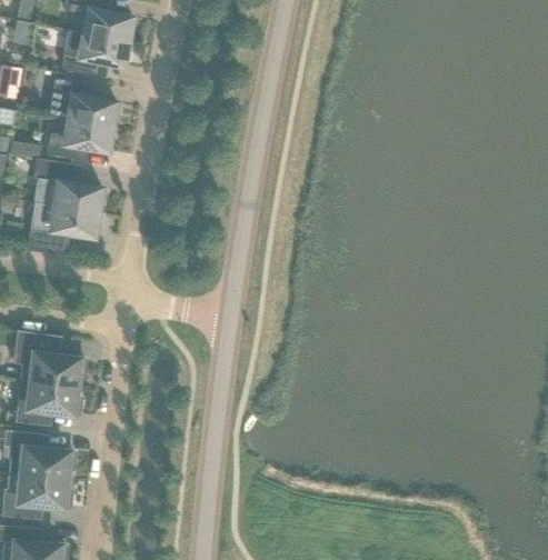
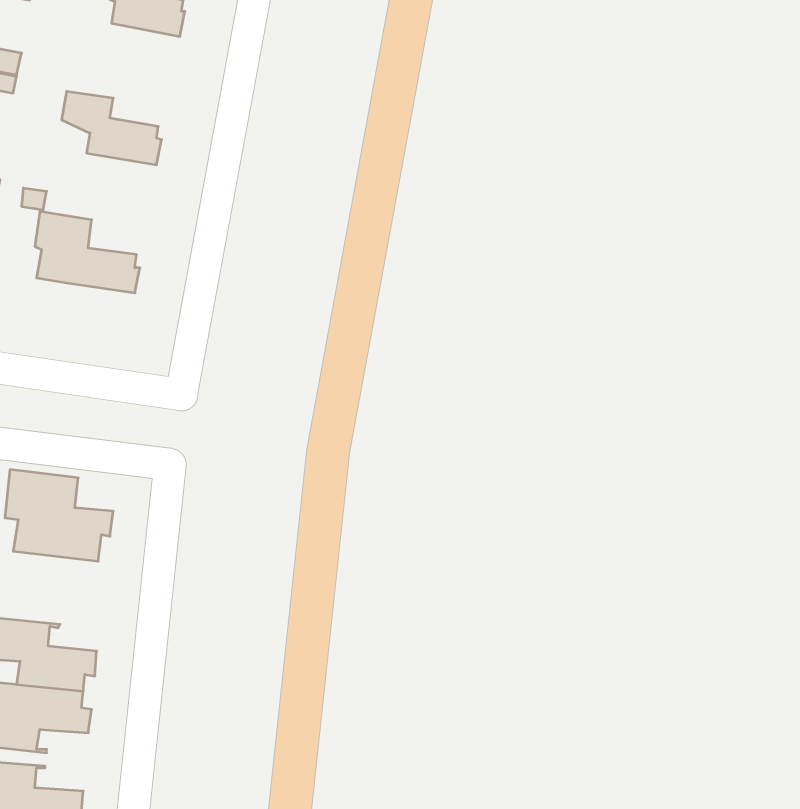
building: [62,33,131,72] -> none
building: [47,120,116,159] -> none
building: [29,203,101,256] -> none
building: [17,386,81,426] -> none

